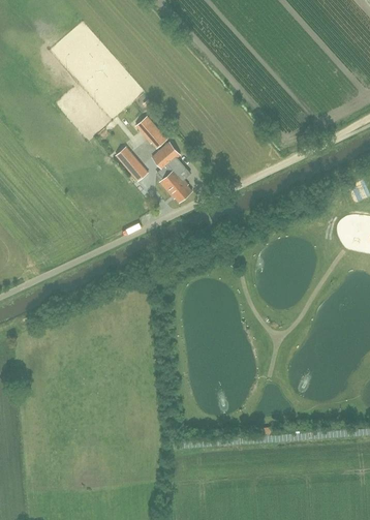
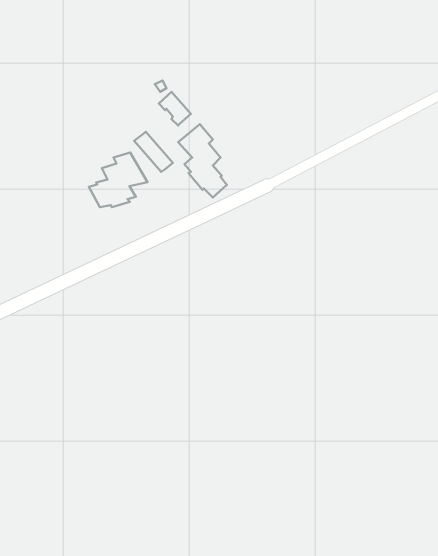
building: none -> [89,153,147,207]

